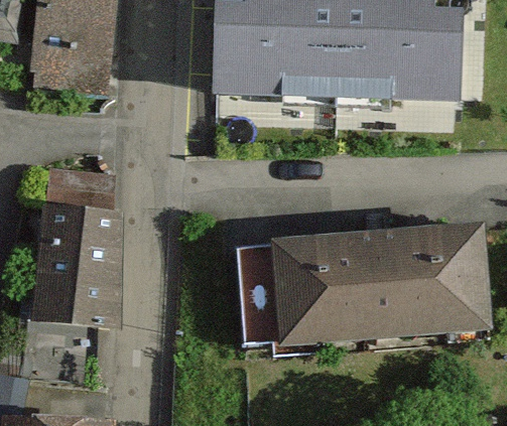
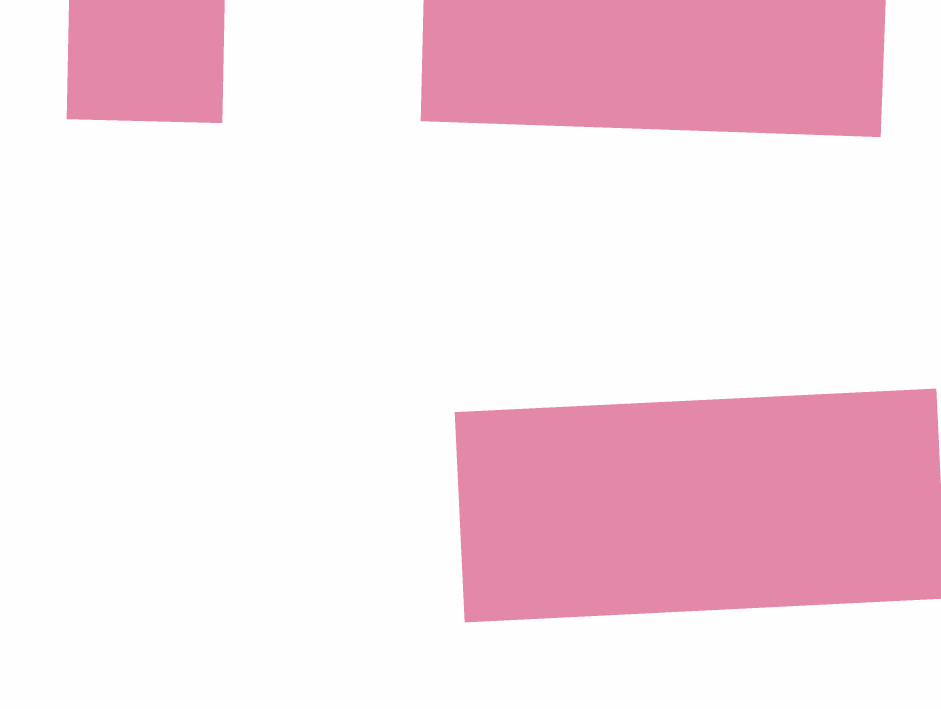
building: [25,207,118,346] -> none

